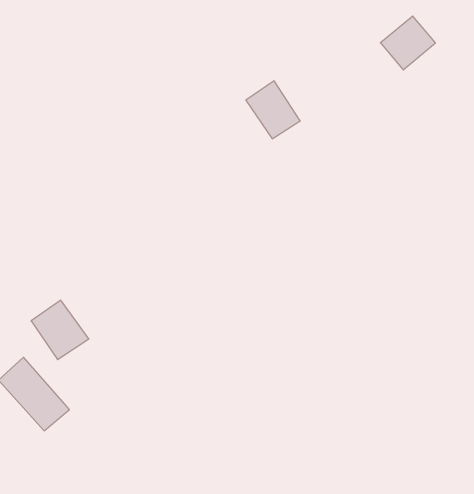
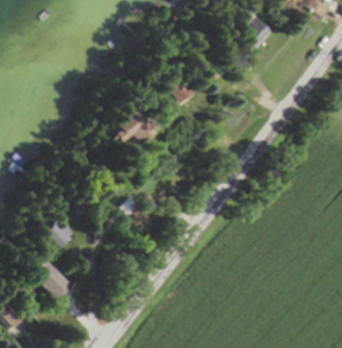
building: none -> [114,109,159,142]

